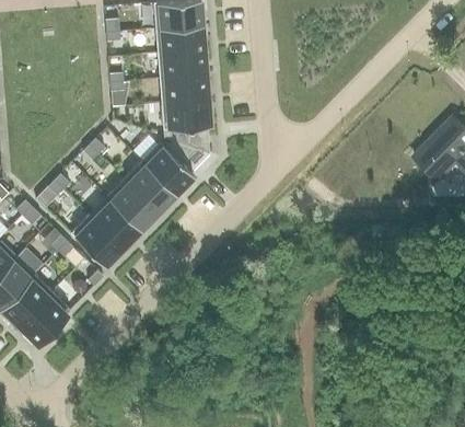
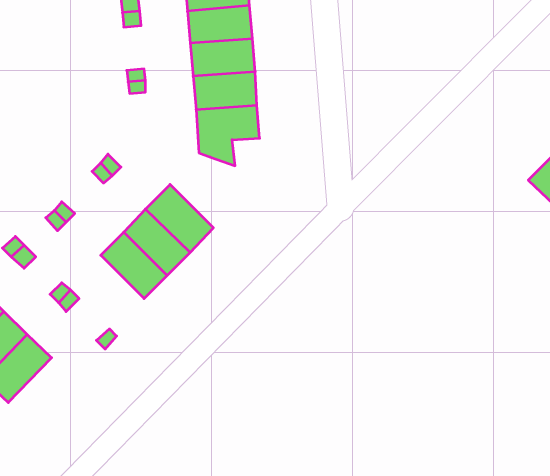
building: [143,141,197,195] -> none
building: [72,216,124,267] -> none
building: [21,293,71,345] -> none

